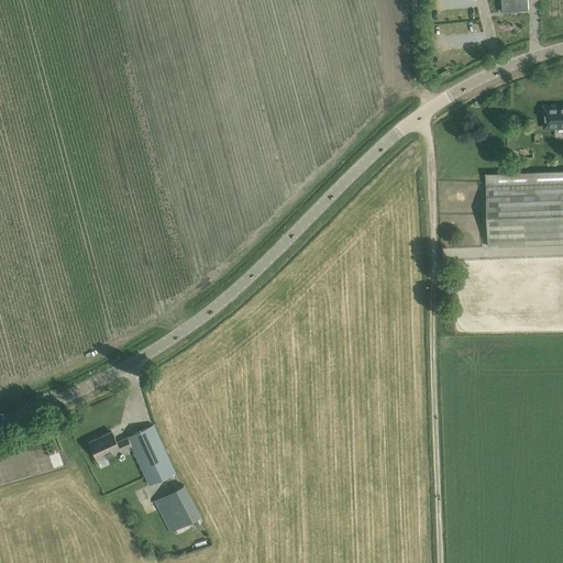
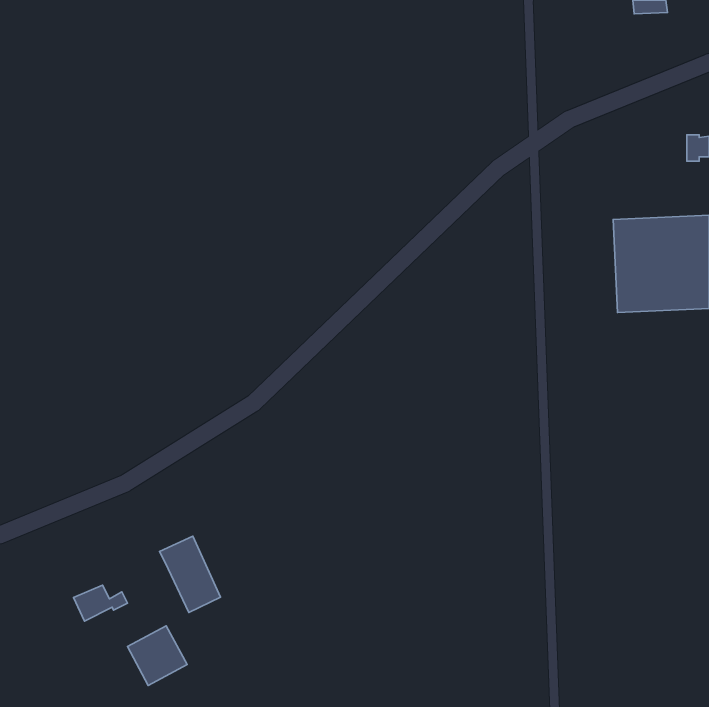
building: [88,433,131,462] -> [73,585,127,621]
building: [153,487,200,534] -> [127,626,187,685]

